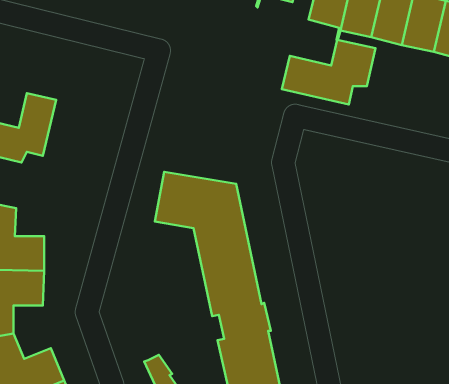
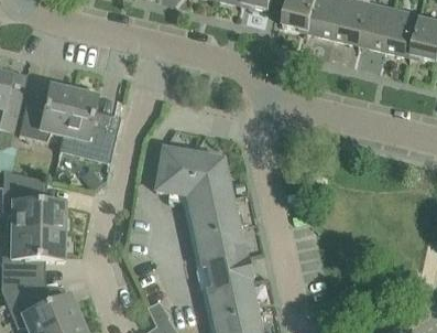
building: [282,40,376,105] -> none
building: none -> [63,90,109,155]

